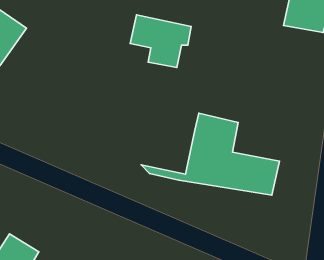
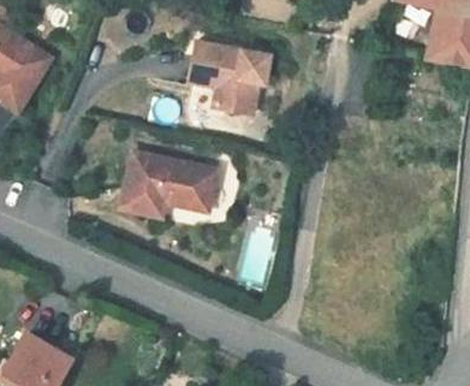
building: none -> [129,153,227,218]
building: [141,113,279,195] -> none

